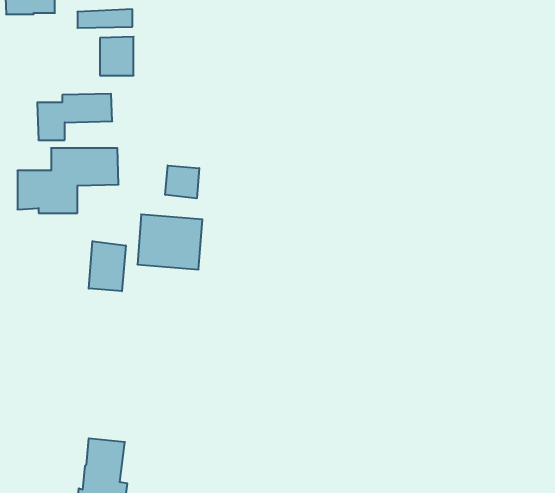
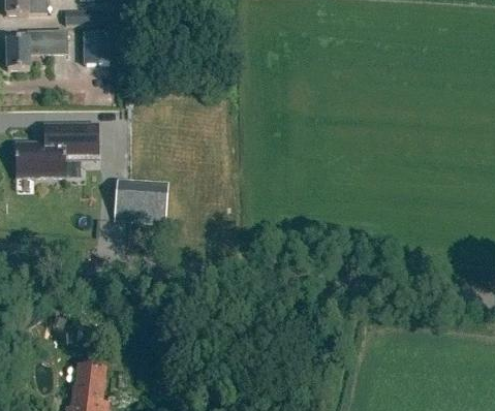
building: [37,94,112,140] -> [7,30,69,68]
building: [165,165,199,198] -> none
building: [89,241,126,291] -> none

